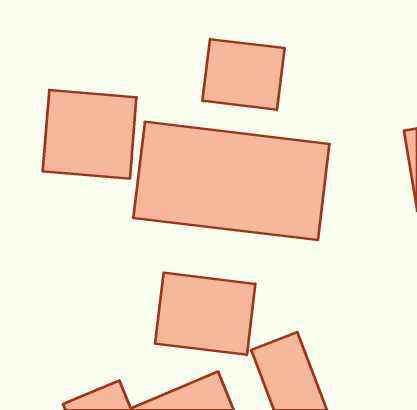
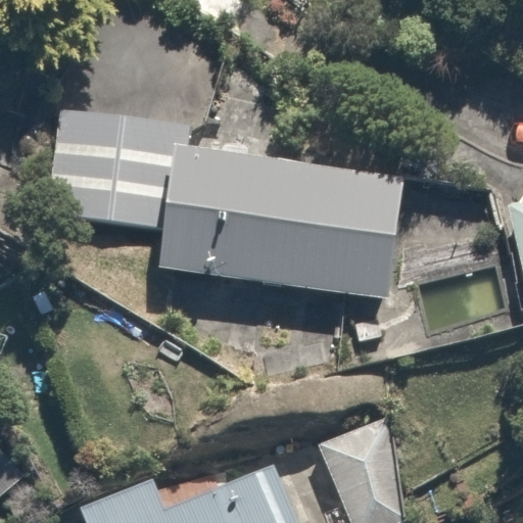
building: [203,39,284,110] -> none
building: [155,273,255,355] -> none

